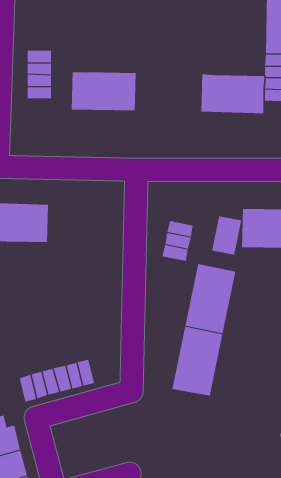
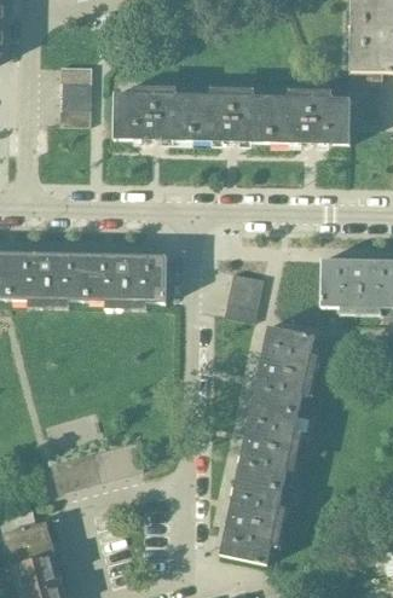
building: none -> [192,94,272,141]
building: none -> [86,254,166,301]
building: [212,215,242,256] -> none
building: none -> [220,477,283,563]

